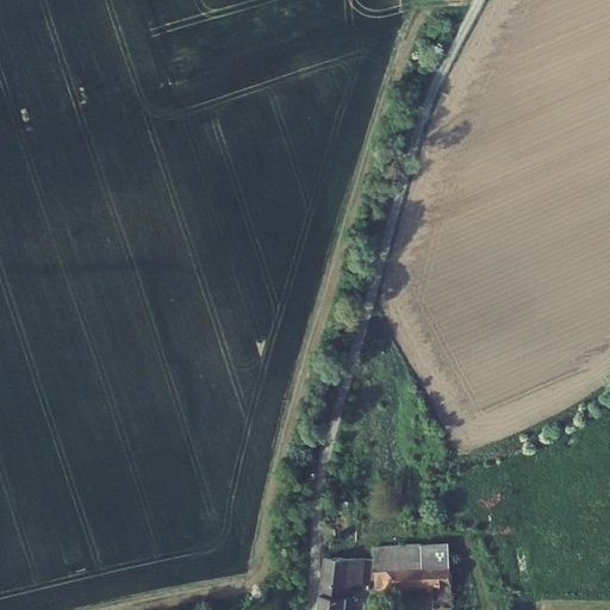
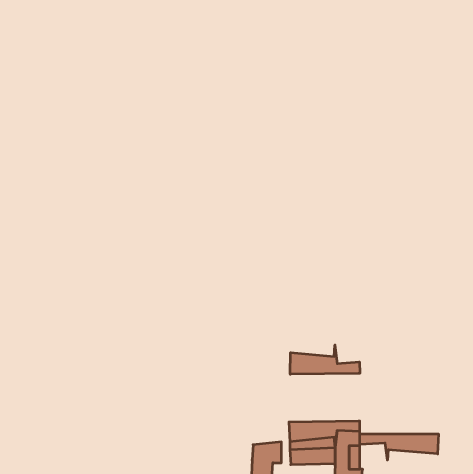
building: none -> [290,345,360,374]
building: none -> [360,434,438,460]

